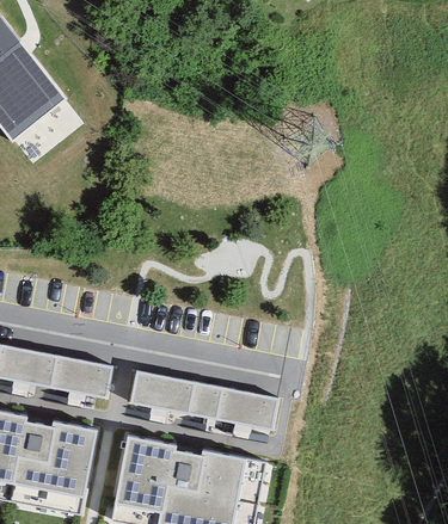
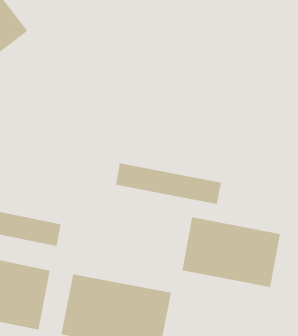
building: none -> [182,217,280,288]
building: [128,370,277,429] -> [115,163,222,205]

